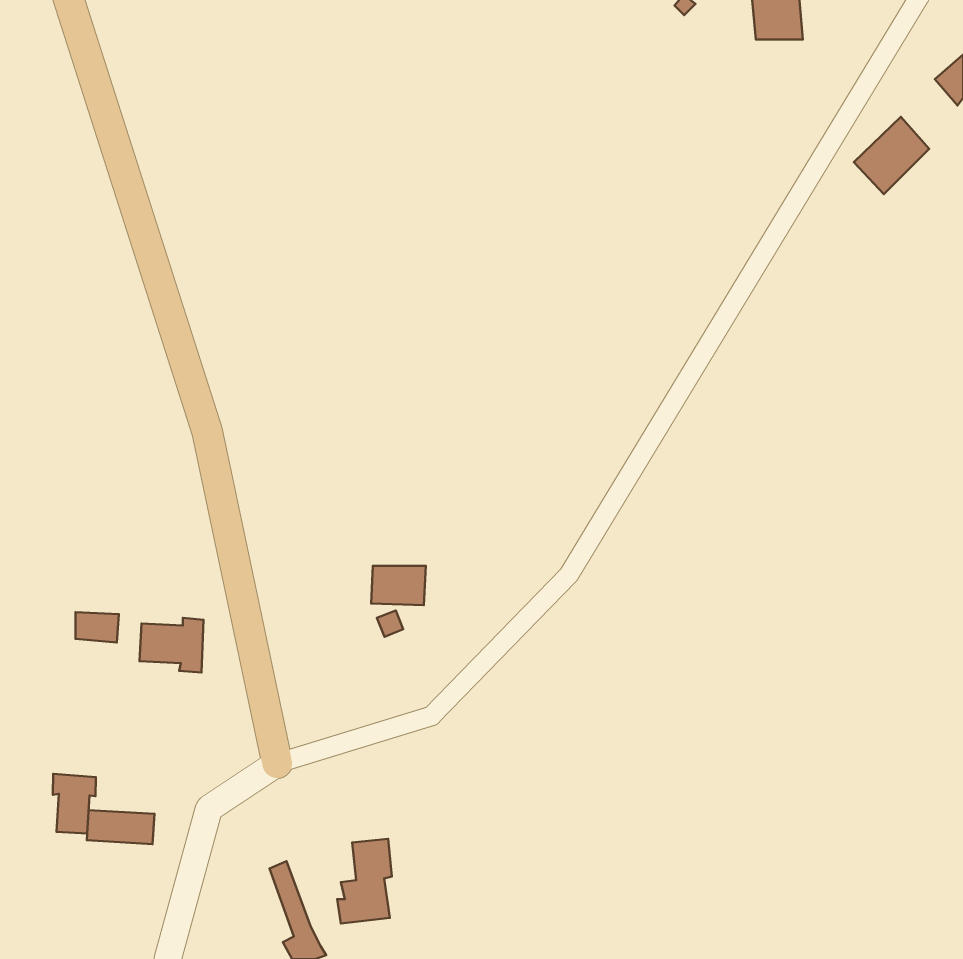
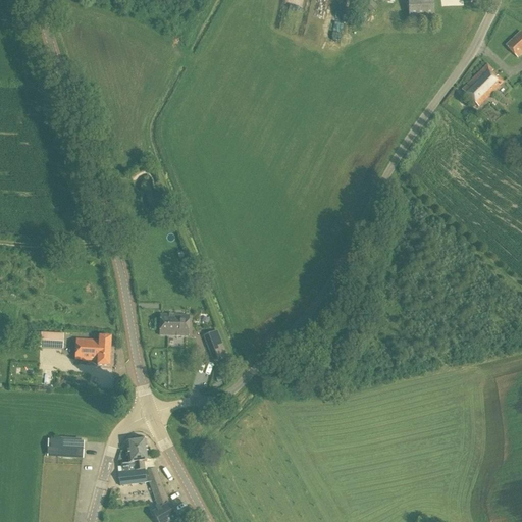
building: [371,566,426,605] -> [159,313,189,334]
building: [53,774,96,833] -> none
building: [337,839,392,924] -> [118,437,148,483]

